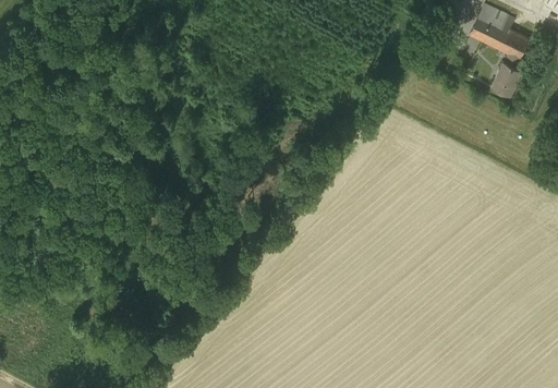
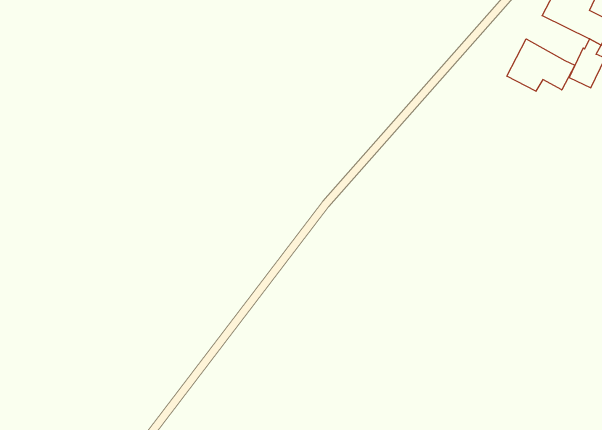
building: none -> [507,39,575,91]

